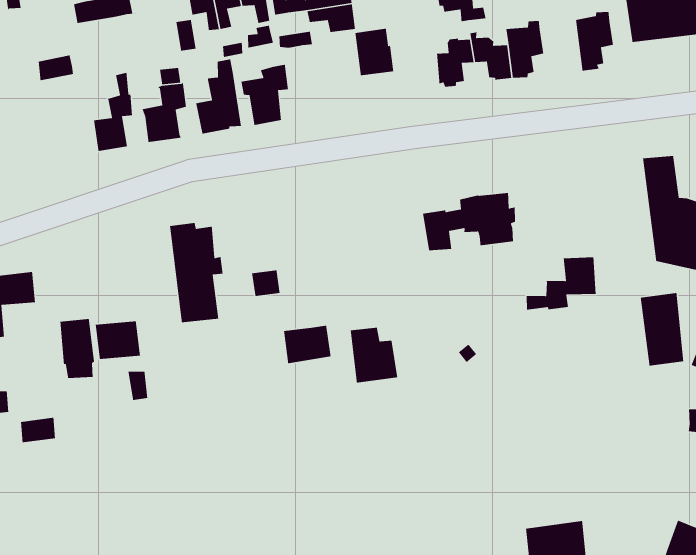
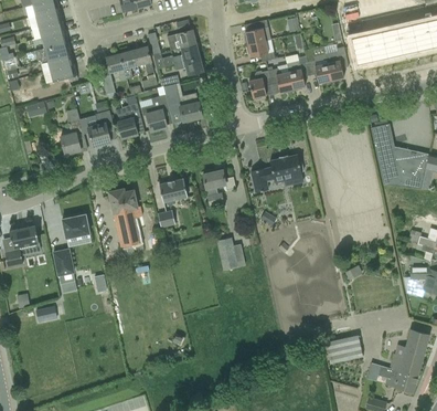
building: none -> [305,50,332,85]
building: [355,28,394,76] -> [178,93,202,122]
building: none -> [203,170,236,205]
building: [526,256,597,311] -> none
building: [640,292,684,366] -> none
building: [95,320,141,360] -> [62,214,89,239]
building: [283,325,332,364] -> [159,179,188,203]

